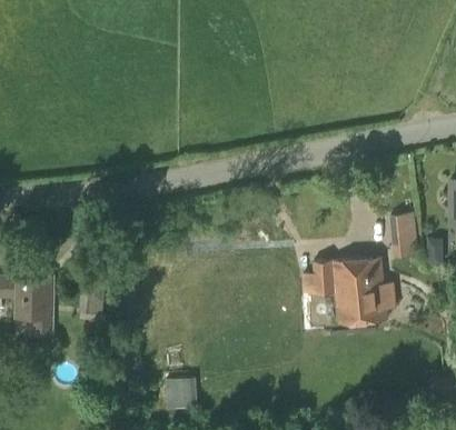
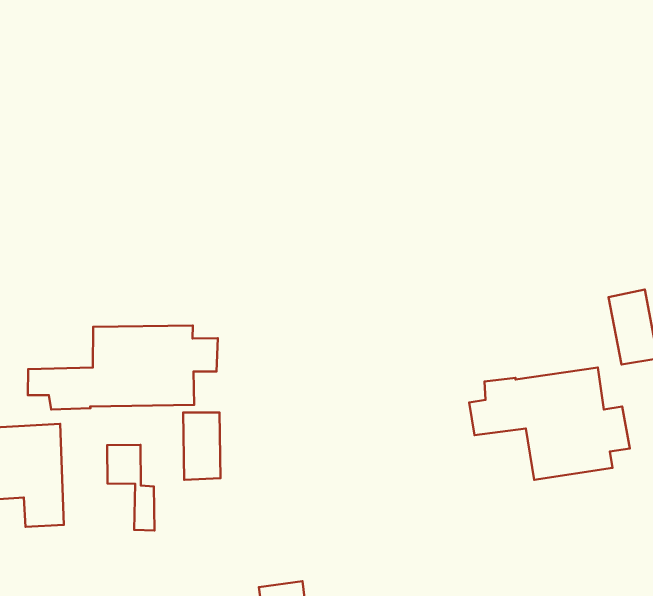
building: none -> [28,325,218,409]
building: none -> [183,412,220,480]

